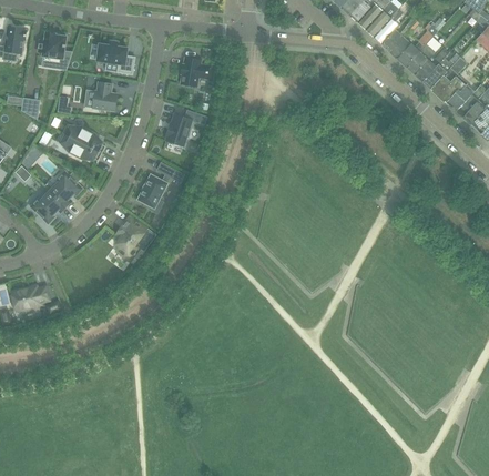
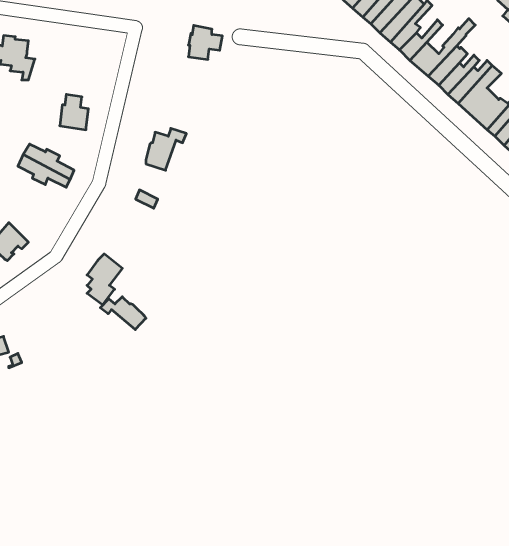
building: [96,40,135,74] -> none
building: [181,57,210,85] -> [188,25,222,59]
building: [50,171,82,206] -> none
building: [136,173,169,213] -> none
building: none -> [100,297,146,330]

